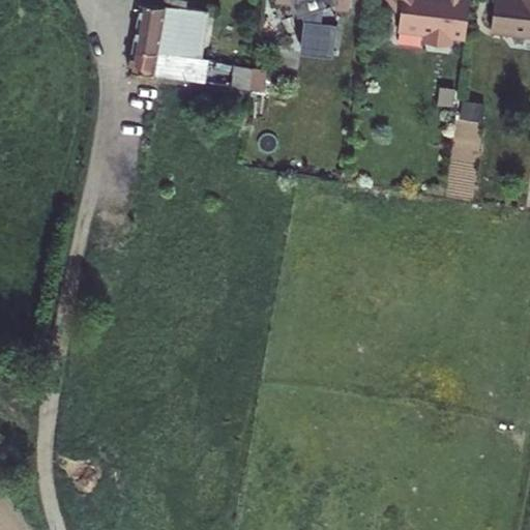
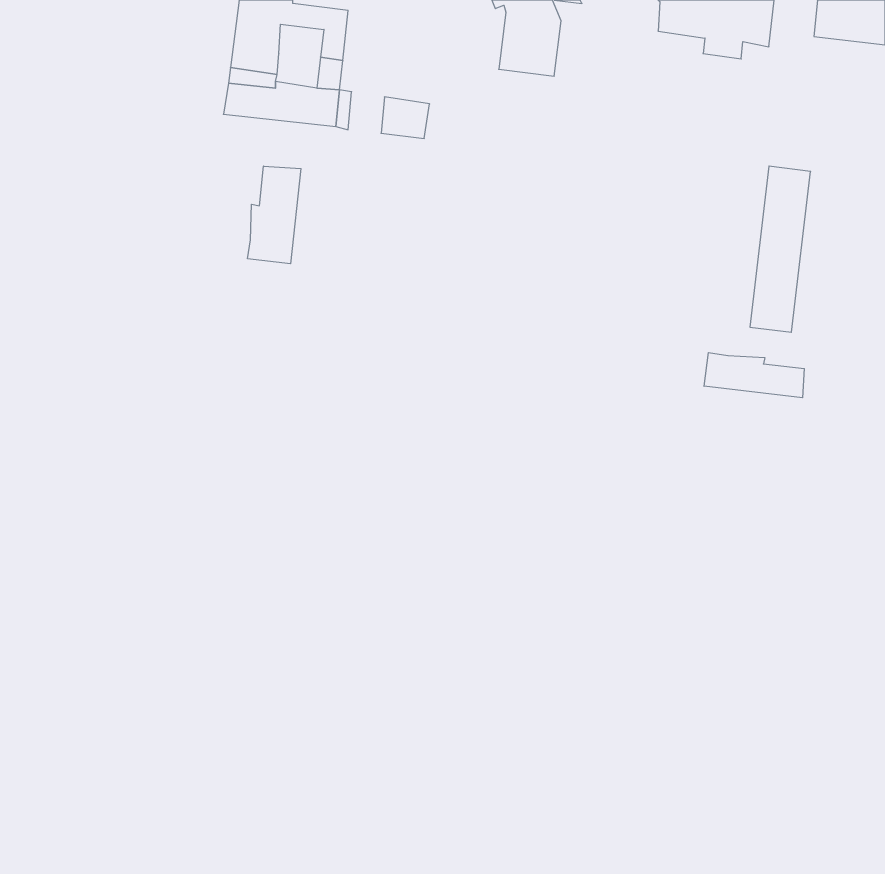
building: none -> [248,166,301,264]
building: none -> [704,353,804,398]

